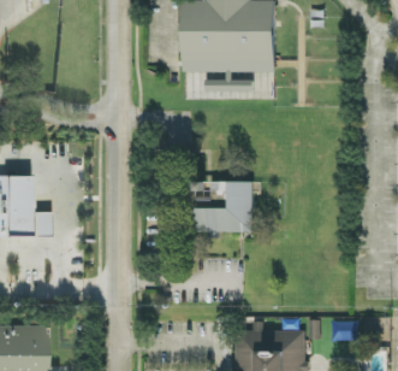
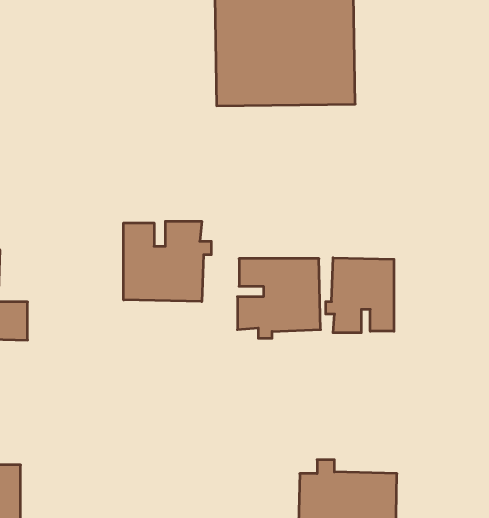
building: none -> [124,221,211,302]
building: none -> [326,258,394,333]

